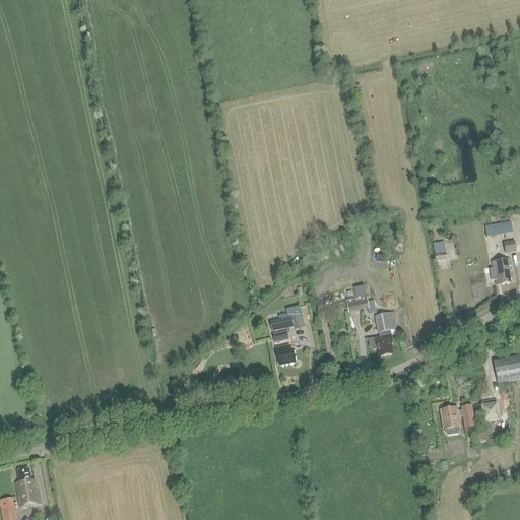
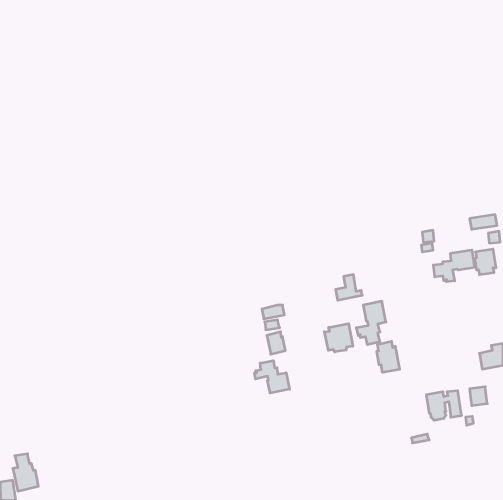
building: none -> [433,250,474,282]
building: none -> [324,324,353,352]
building: none -> [377,341,400,372]
building: none -> [255,361,290,393]

